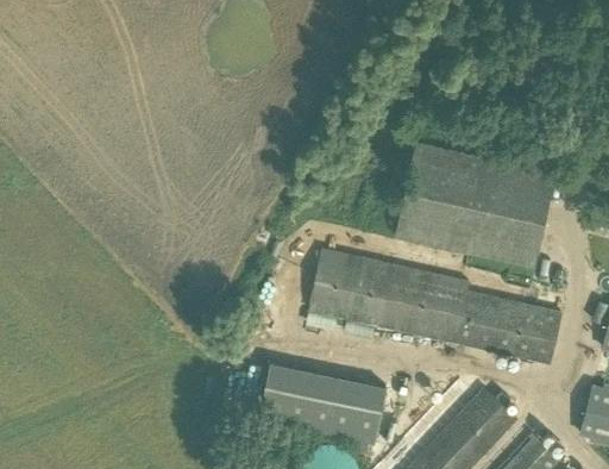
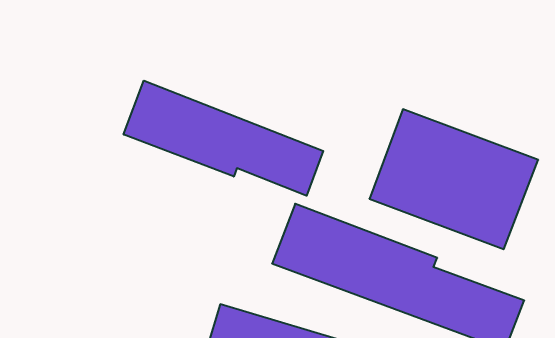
building: none -> [124,81,323,196]

